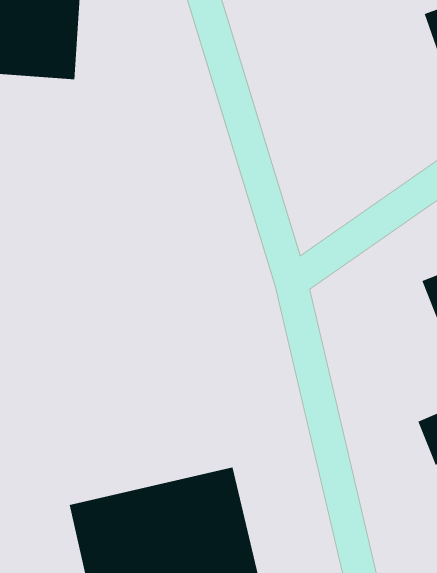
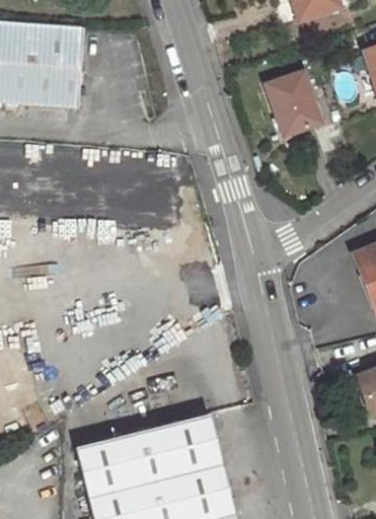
building: none -> [267,73,317,135]

